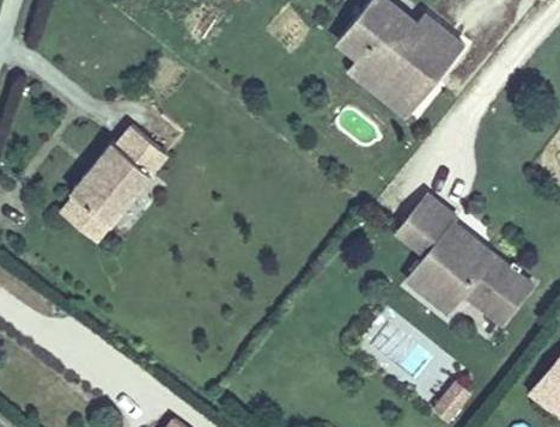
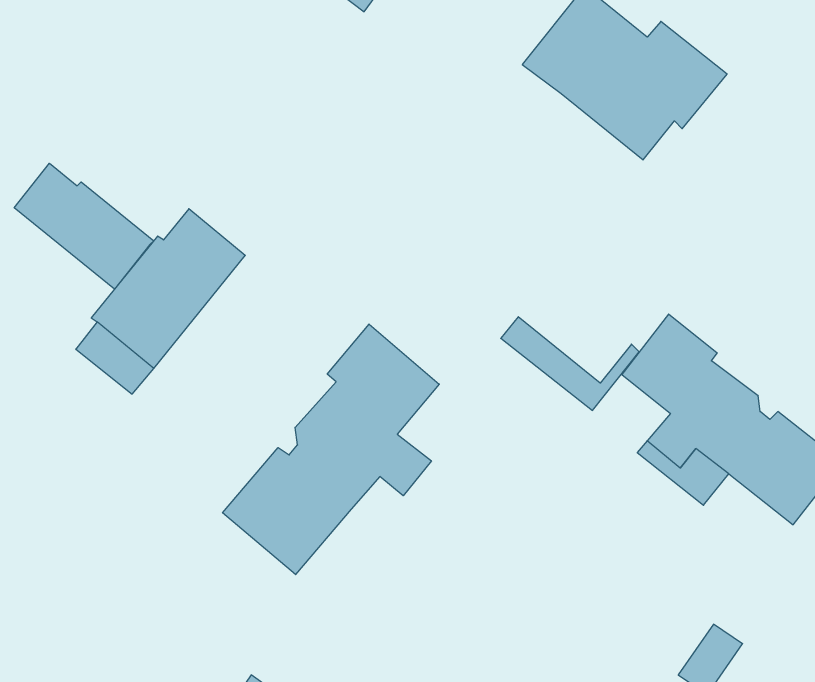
building: [348,60,433,117] -> [501,317,639,410]
building: none -> [14,163,154,289]
building: none -> [223,324,439,575]

